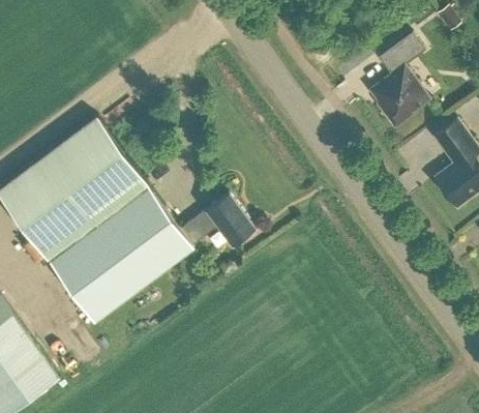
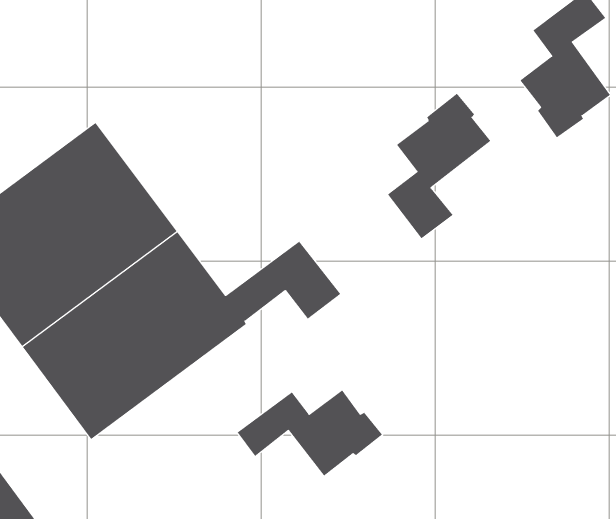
building: none -> [387,93,491,239]
building: none -> [237,389,383,476]

